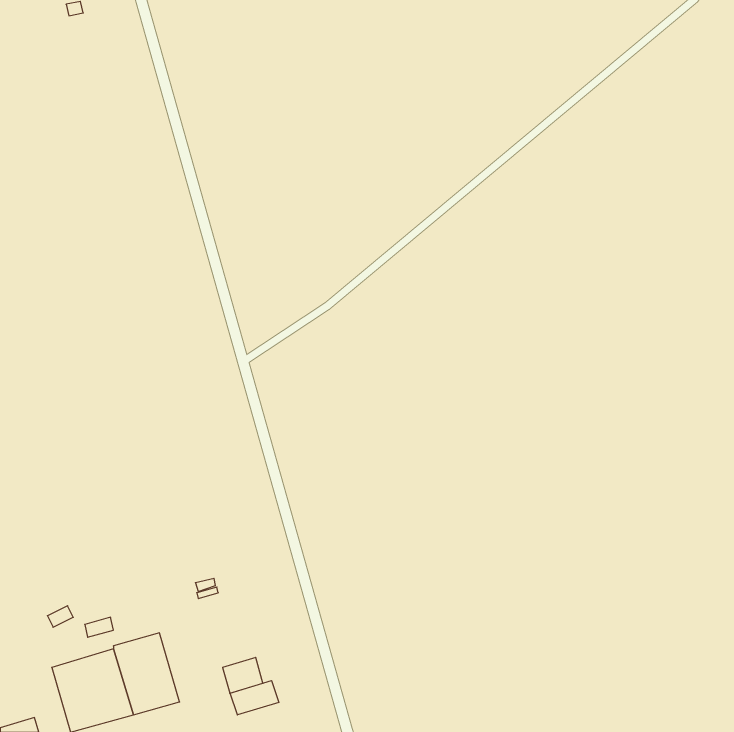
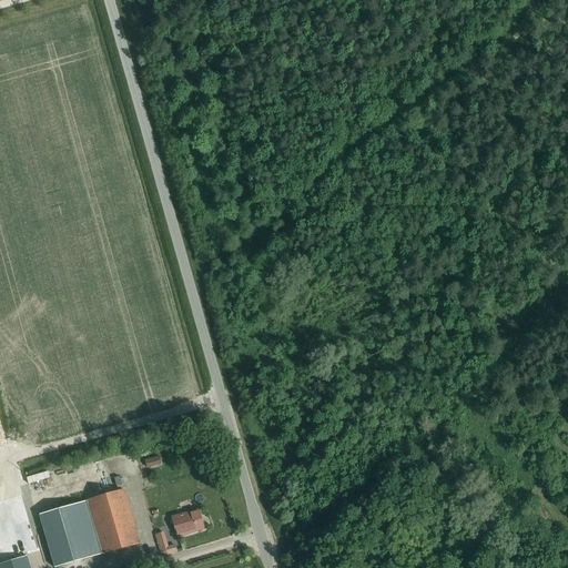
building: [230,681,279,715] -> none

